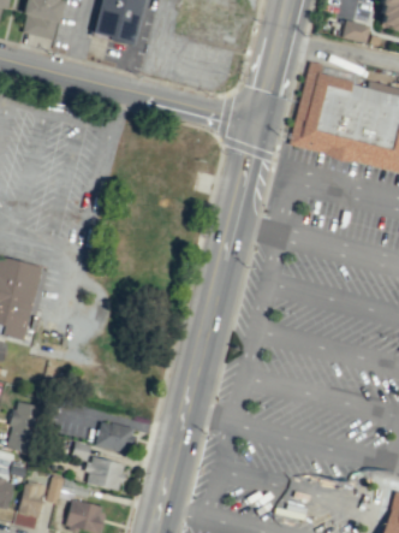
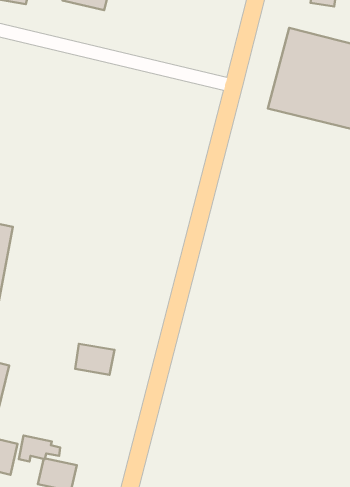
building: [96,421,136,452] -> [75,344,114,375]
building: [85,456,125,490] -> none

